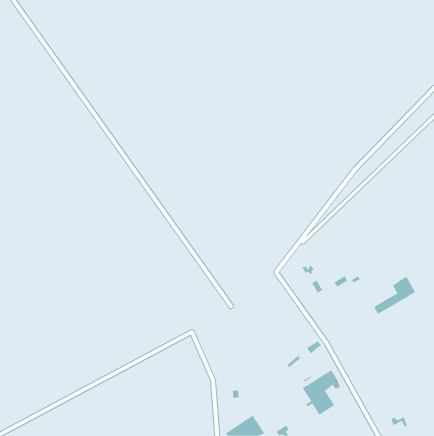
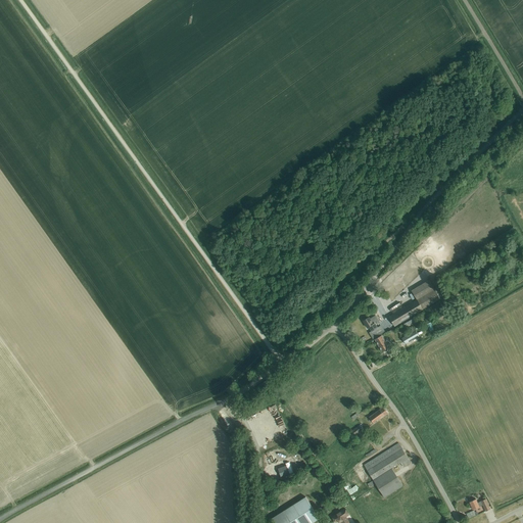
building: [373,276,416,314] -> [387,280,438,326]

